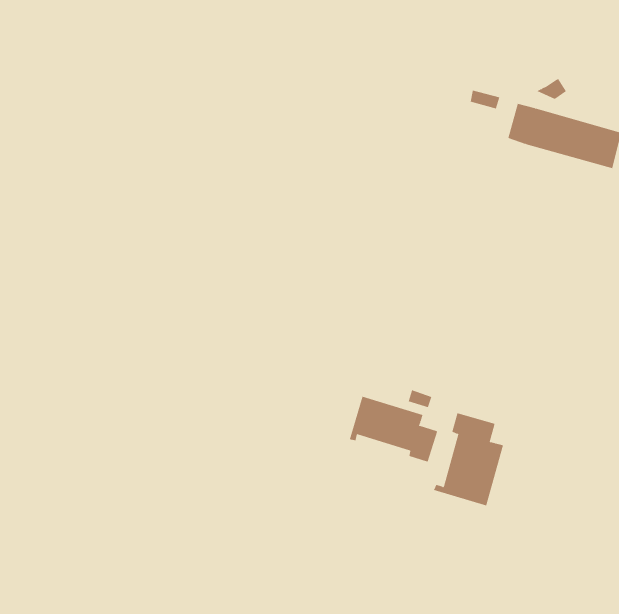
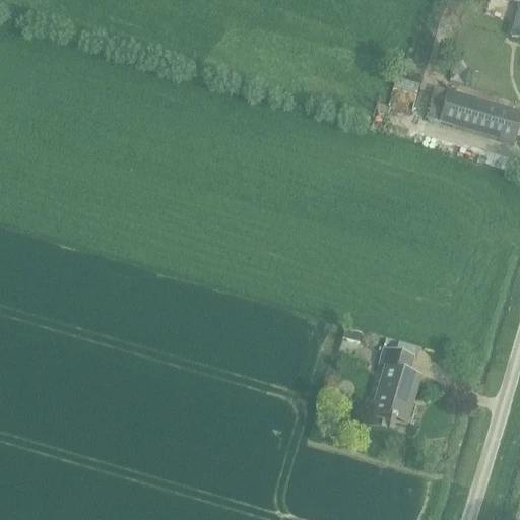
building: [349,396,438,463] -> none

